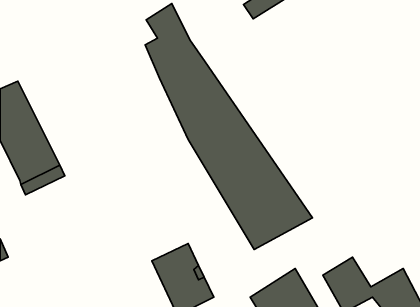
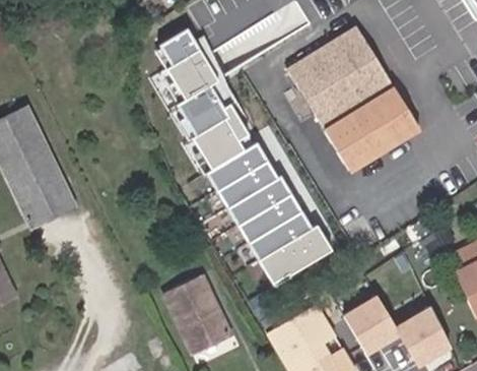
building: none -> [282,32,416,177]

